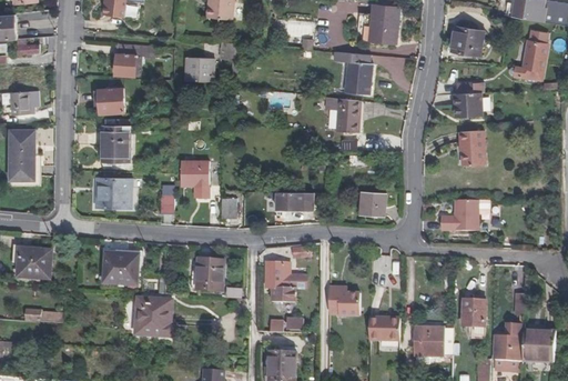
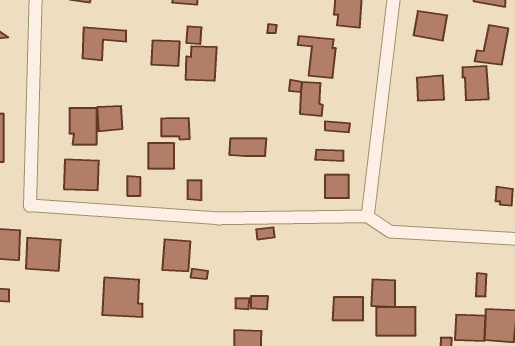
building: none -> [186,46,217,81]
building: [98,88,123,113] -> [97,106,122,131]
building: [458,130,485,164] -> [462,66,489,100]
building: none -> [161,118,189,140]
building: [275,191,313,209] -> [229,138,266,156]
building: [439,199,477,230] -> none
building: [103,251,139,284] -> [26,238,61,271]
building: [265,262,305,301] -> none
building: [328,285,359,315] -> none
building: [460,299,485,327] -> [371,279,395,307]

